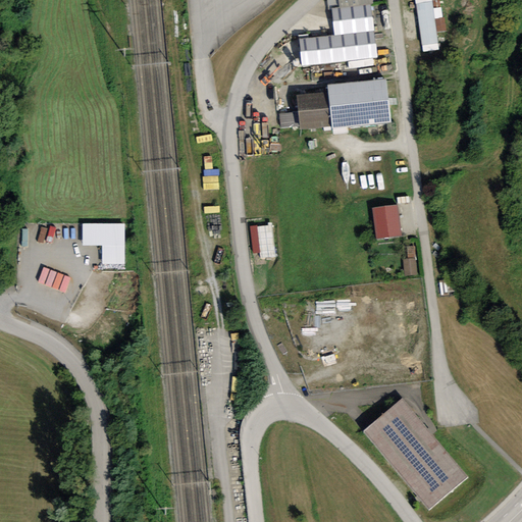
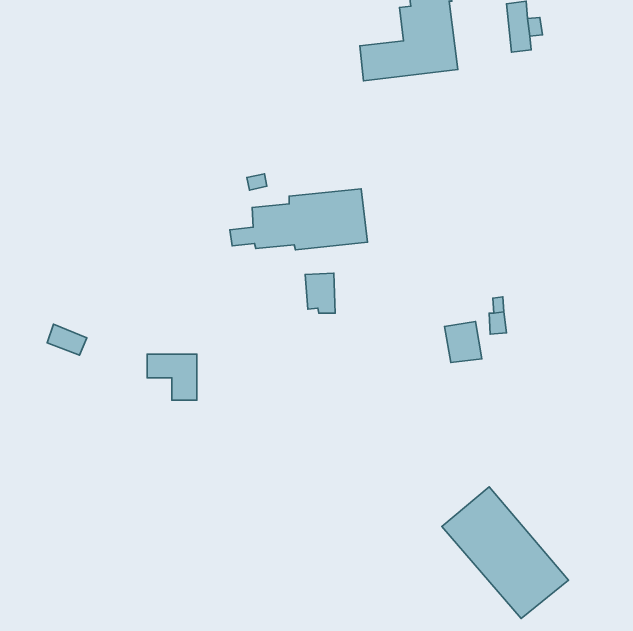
building: [277,79,390,128] -> [230,189,367,250]
building: [370,204,401,238] -> [445,322,482,363]
building: [83,222,123,260] -> [147,354,197,400]

